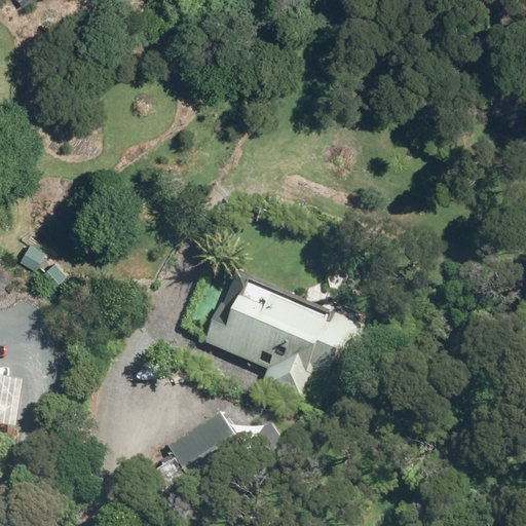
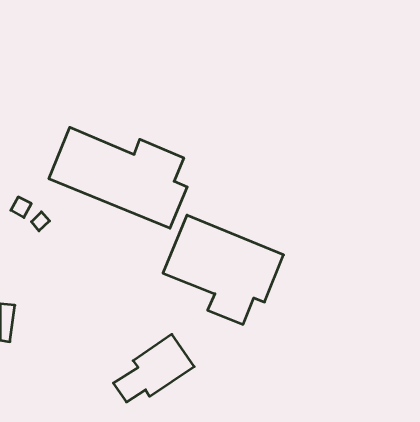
building: none -> [49,127,187,228]

